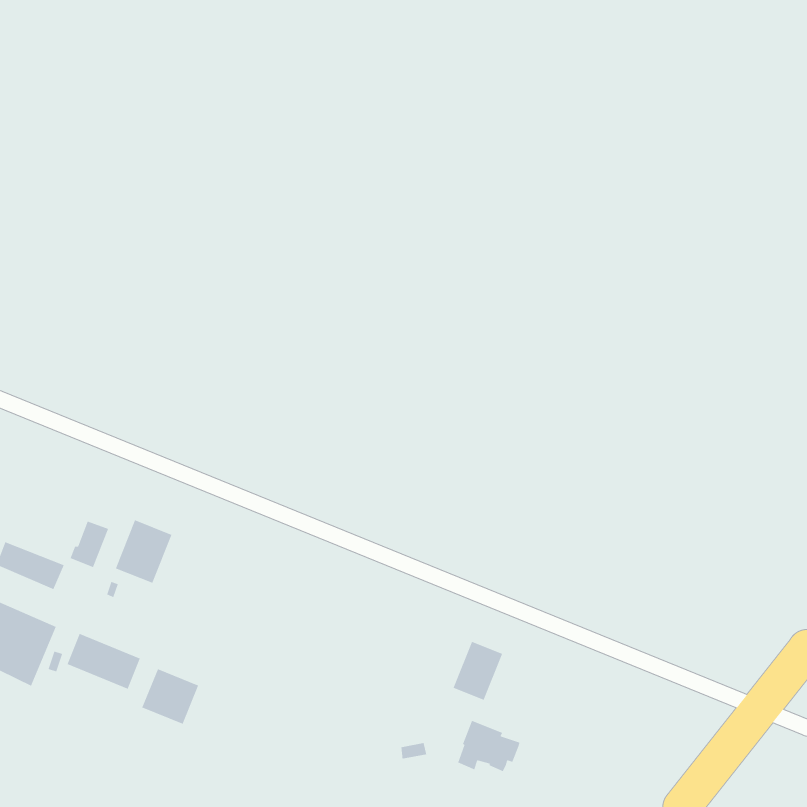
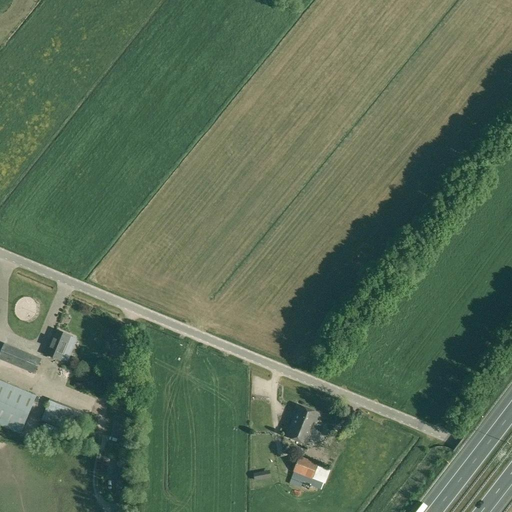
building: [115,519,173,584] -> none
building: [141,668,199,725] -> none

